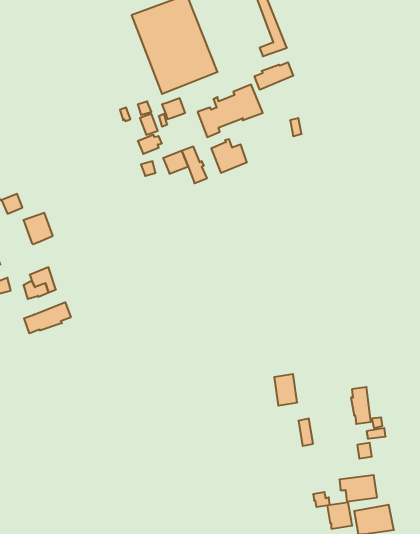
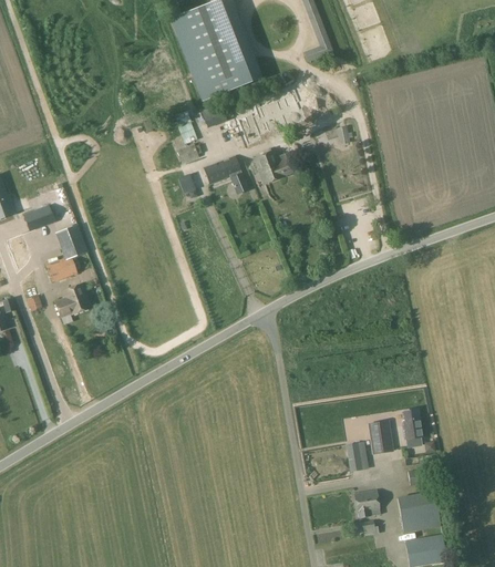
building: [255,62,293,90] -> none
building: none -> [47,256,79,281]
building: [24,302,71,333] -> none
building: [274,374,297,406] -> [369,420,393,453]
building: [327,502,352,529] -> [354,489,381,517]

